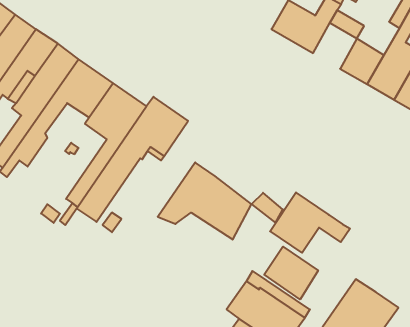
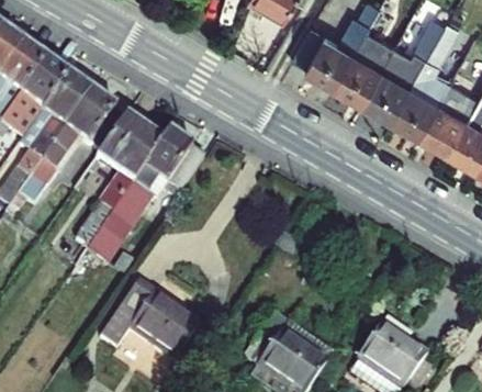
building: none -> [336,52,382,100]
building: [158,162,252,240] -> [100,279,199,360]
building: [270,192,350,253] -> none
building: [264,247,318,299] -> none

